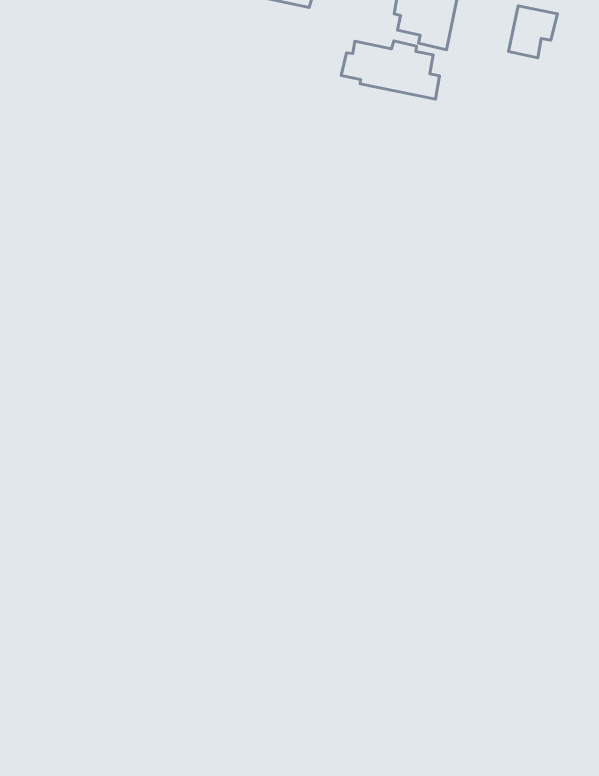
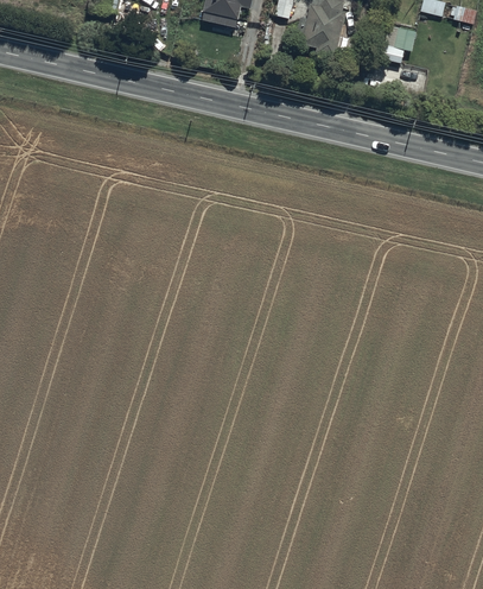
building: [341,41,439,99] -> none

